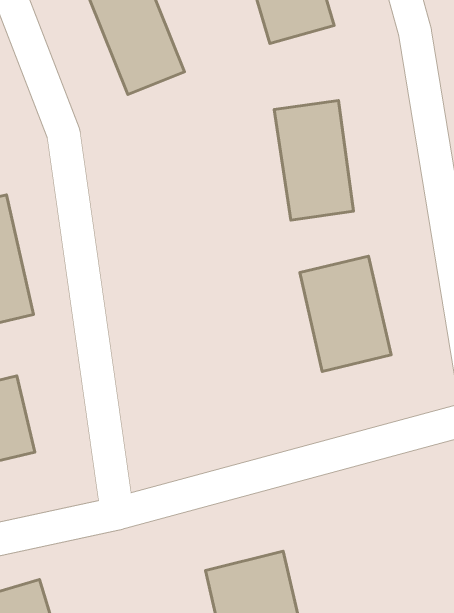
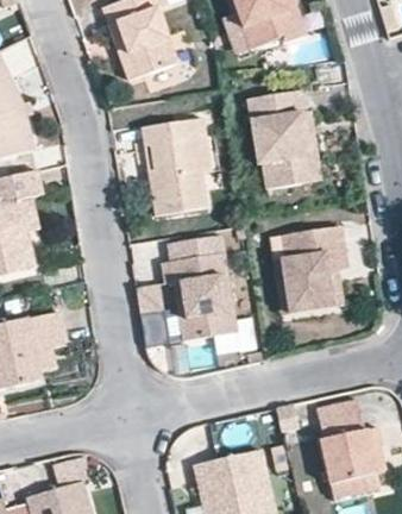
building: none -> [145,120,209,212]
building: none -> [165,239,235,343]
building: none -> [326,428,387,491]

